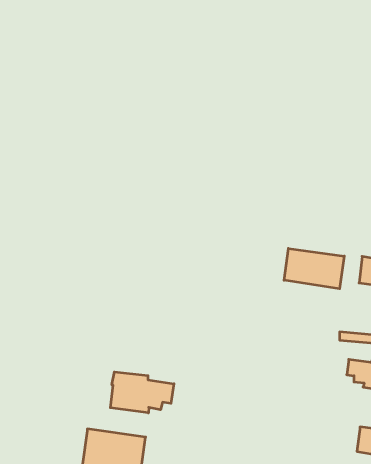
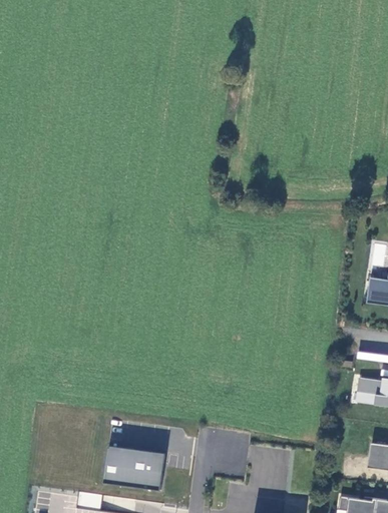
building: [284,248,344,289] -> none
building: [110,372,174,413] -> none

